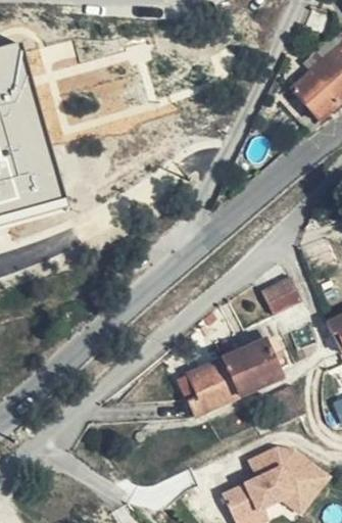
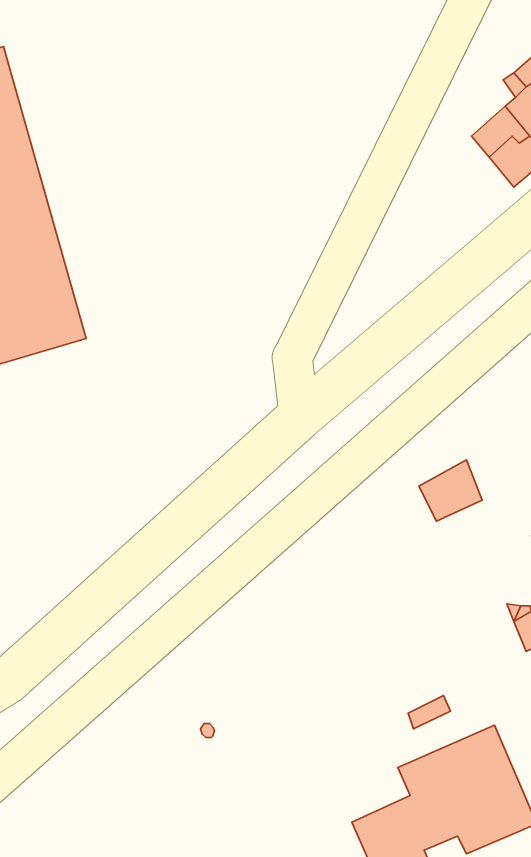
building: [177,343,289,419] -> none

